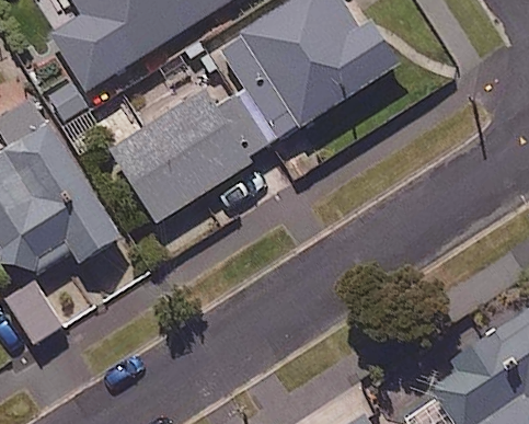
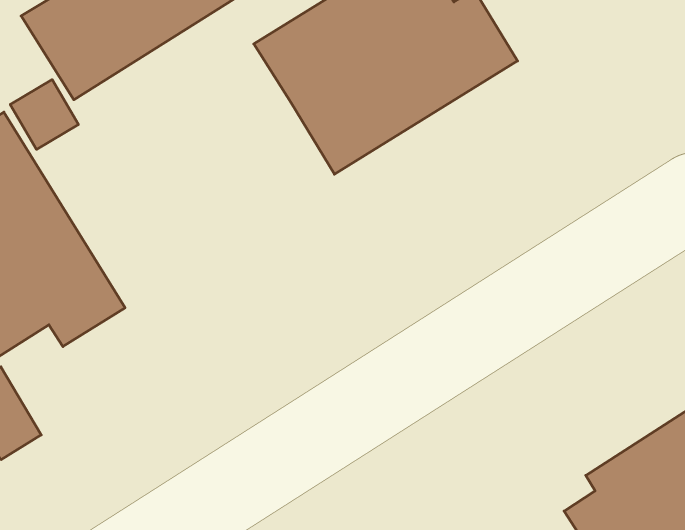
building: [107,88,271,224] -> none

